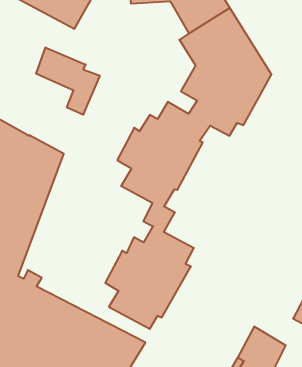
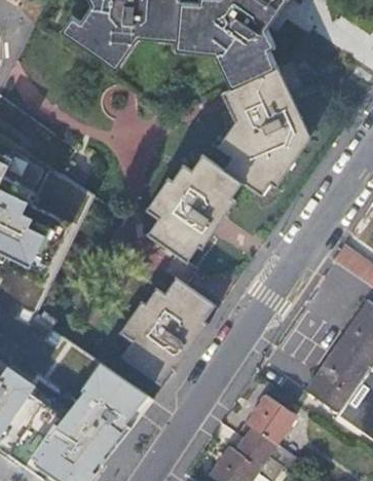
building: [36,47,100,115] -> none

